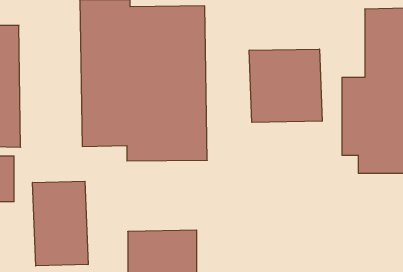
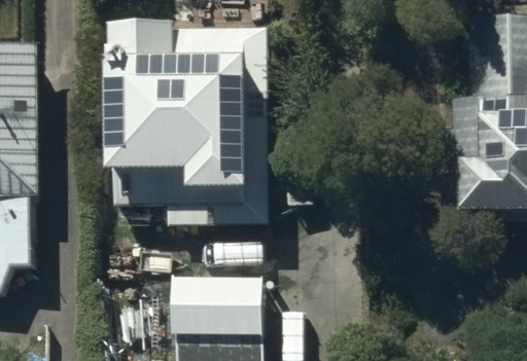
building: [249,49,322,122] -> none
building: [33,181,88,266] -> none

